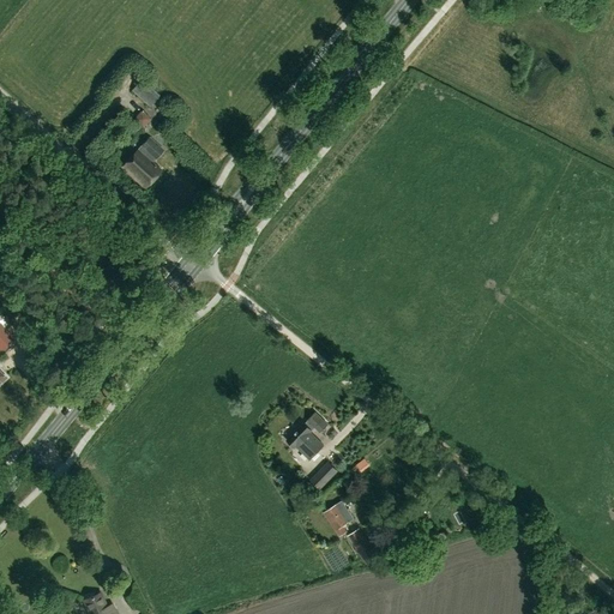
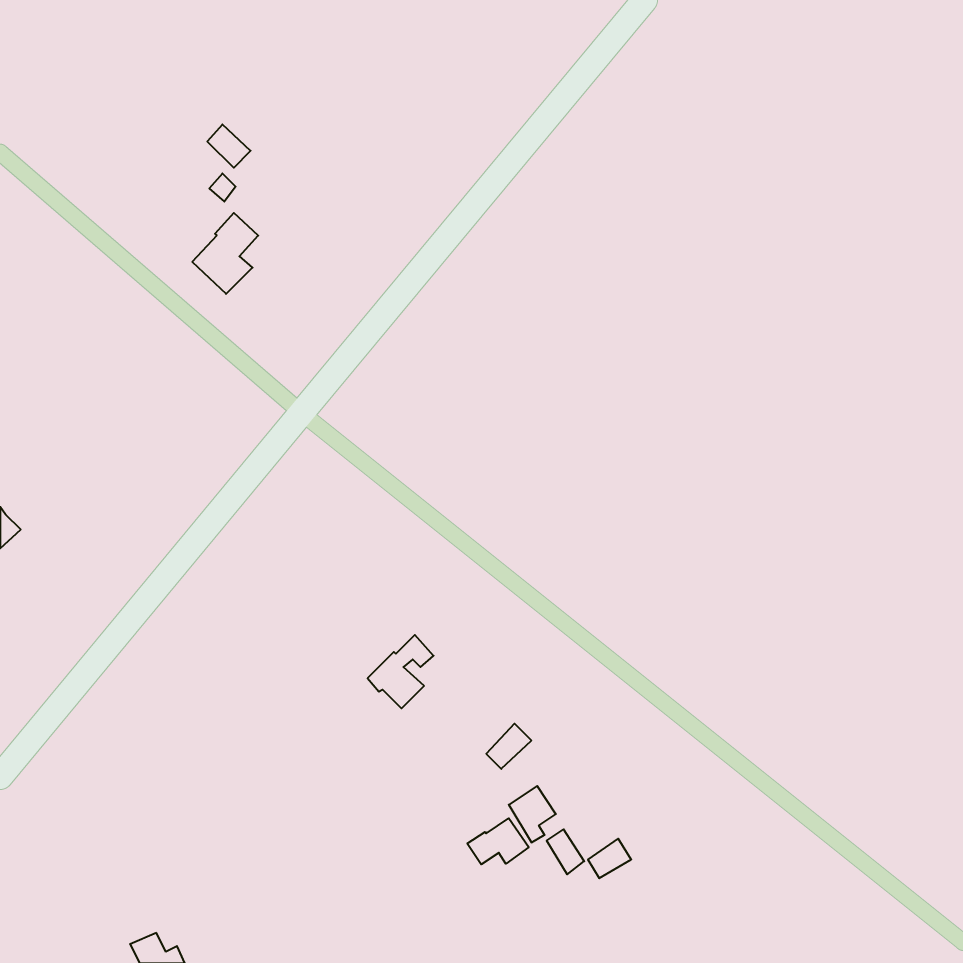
building: [287,411,329,458] -> [368,635,434,708]
building: none -> [467,818,529,864]

